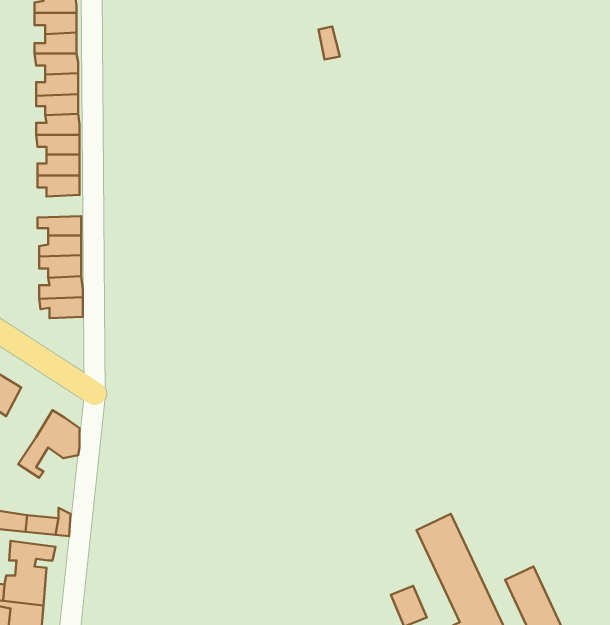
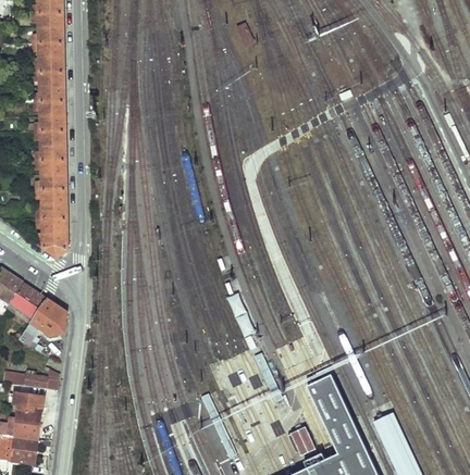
building: none -> [35,143,66,160]
building: none -> [37,232,67,257]
building: none -> [12,283,46,318]

